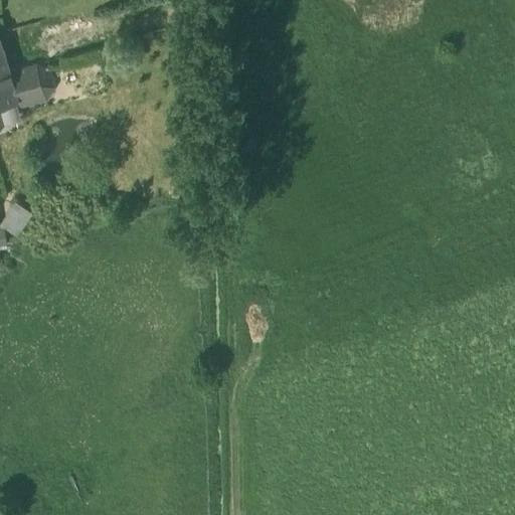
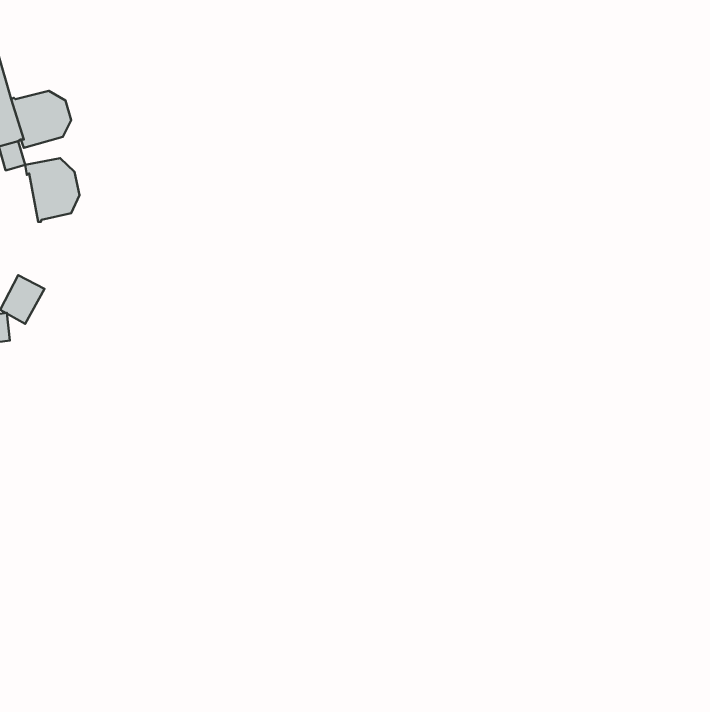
building: none -> [25,158,79,222]

